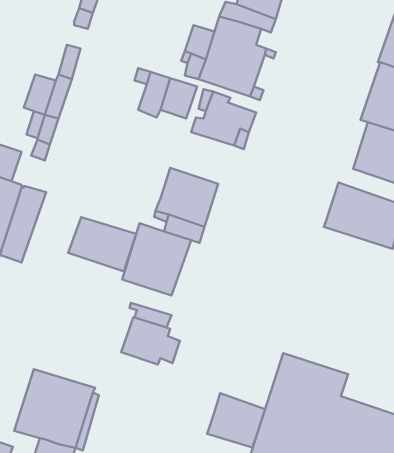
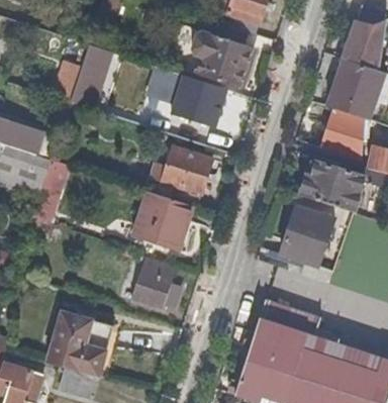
building: [68,217,136,272] -> none
building: none -> [279,202,333,265]
building: [207,393,265,448] -> none

